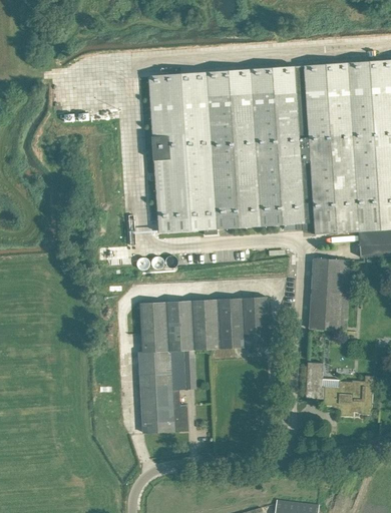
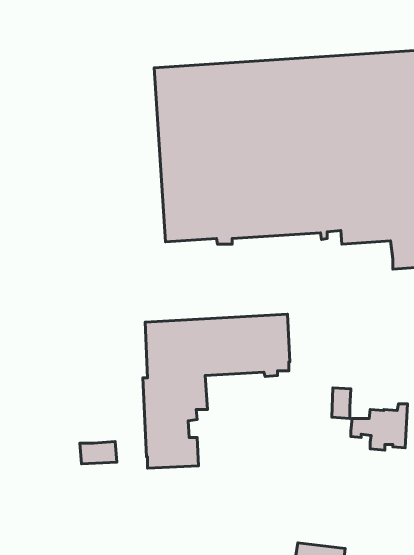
building: [308,258,349,331] -> none
building: none -> [80,442,117,464]

